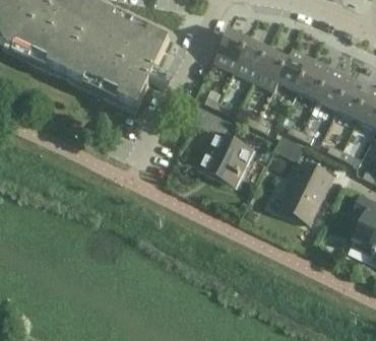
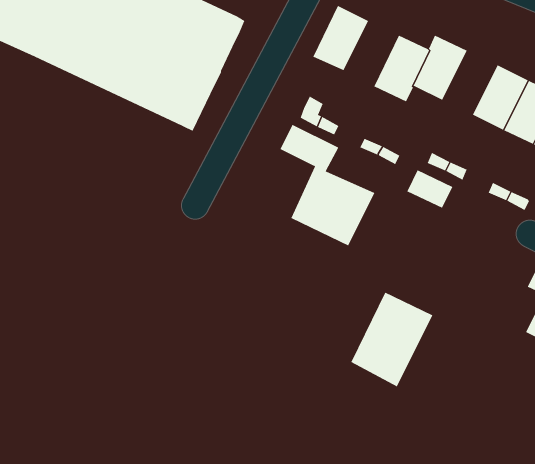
building: [233,39,268,81] -> none
building: [297,58,332,99] -> none
building: [278,161,332,223] -> [350,292,433,387]

